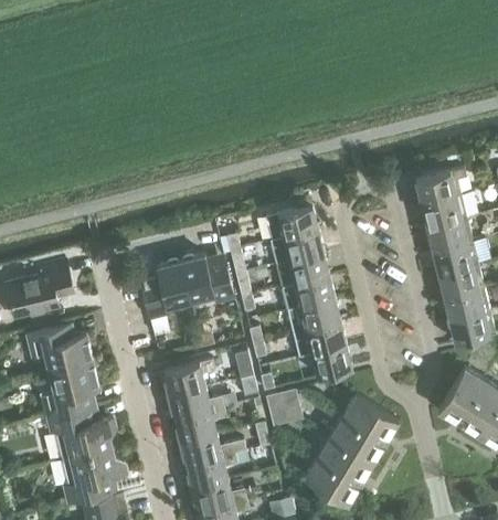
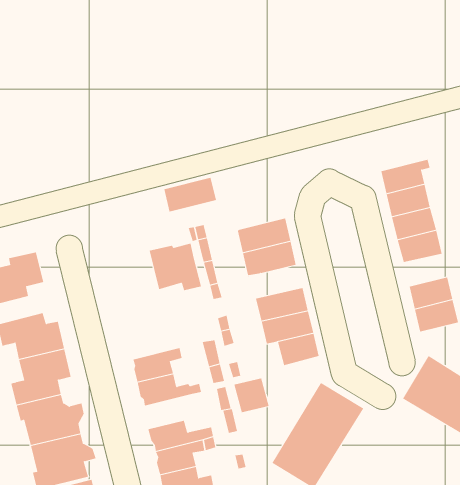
building: [265,204,319,240] -> [163,177,217,212]
building: [139,261,190,318] -> none
building: [438,264,484,297] -> none
building: [282,275,337,309] -> none
building: [176,406,226,442] -> none

